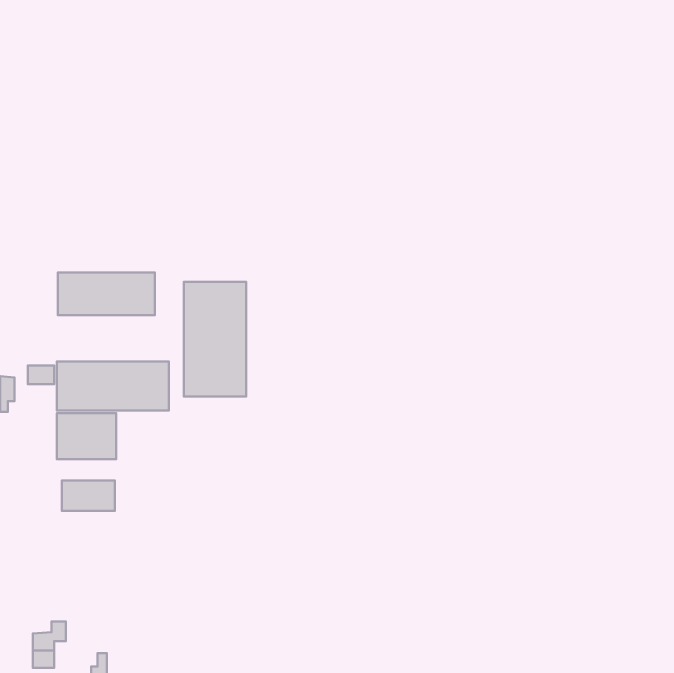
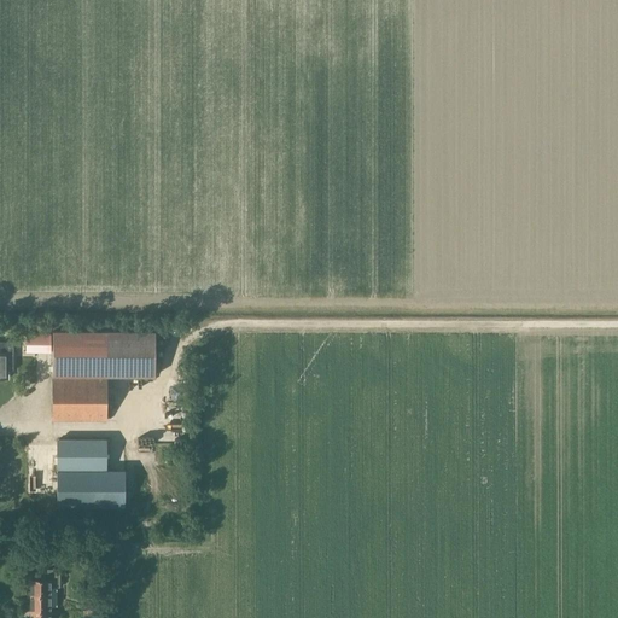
building: [58,273,155,315] -> none
building: [184,282,246,396] -> none
building: none -> [57,468,124,507]

